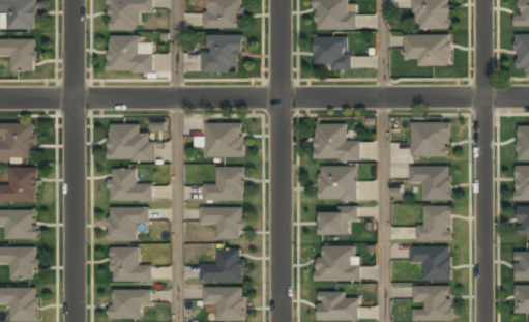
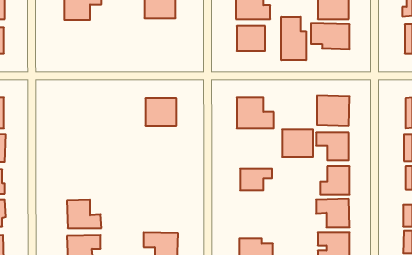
building: none -> [281,17,306,60]
building: [203,35,239,72] -> none
building: [108,36,152,72] -> none
building: [108,123,153,160] -> none
building: [318,167,355,200] -> [282,129,313,157]
building: [109,168,152,201] -> none
building: [203,168,242,200] -> none
building: [109,206,149,240] -> none
building: [200,206,243,239] -> none
building: [315,246,360,281] -> none
building: [200,247,244,281] -> none

